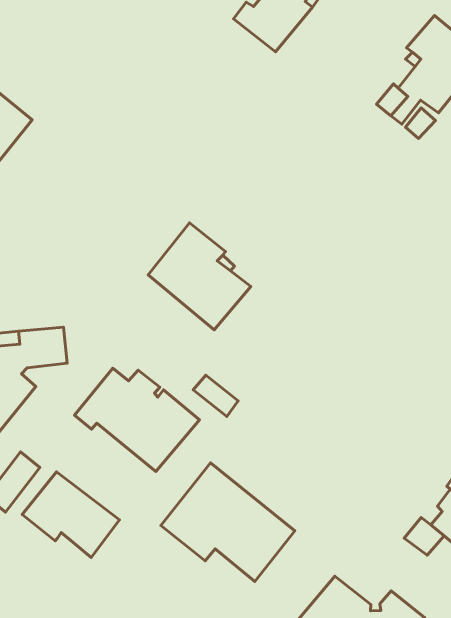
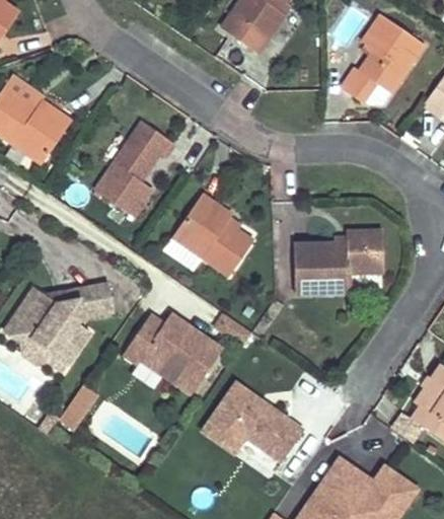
building: none -> [93,121,174,217]
building: none -> [293,230,382,292]
building: [22,472,119,557] -> none

